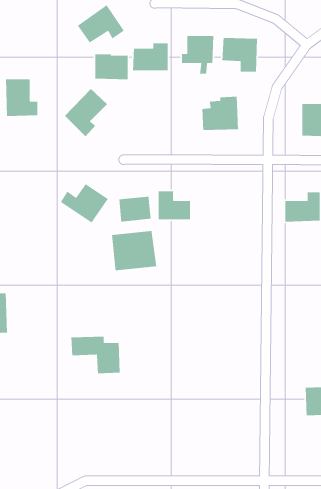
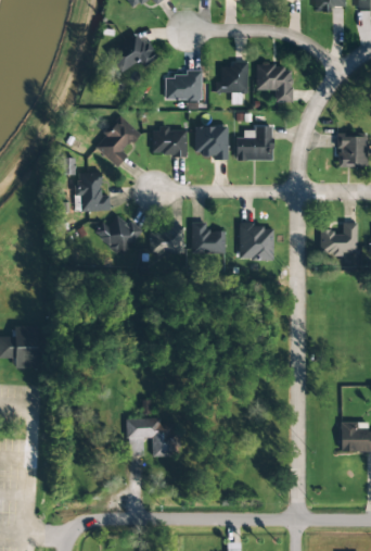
building: [95,54,129,80] -> [152,128,187,155]
building: [5,79,38,117] -> [76,173,110,212]
building: none -> [194,126,228,160]
building: none -> [239,225,273,260]
building: [111,230,157,271] -> none
building: [71,336,121,374] -> [126,417,177,456]

